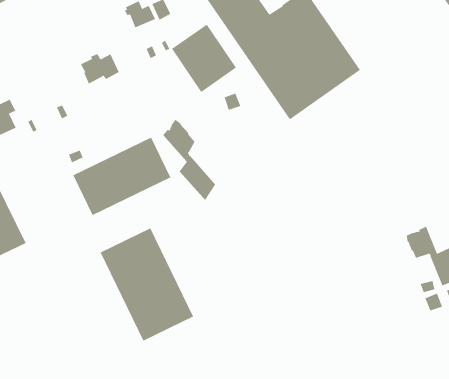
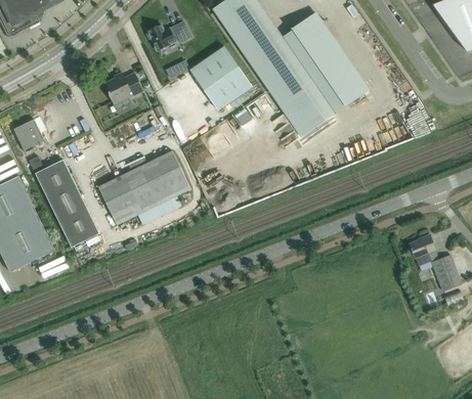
building: [163,119,216,201] -> none
building: none -> [34,159,98,247]
building: [100,227,194,342] -> none

